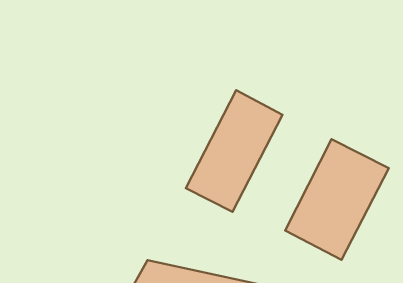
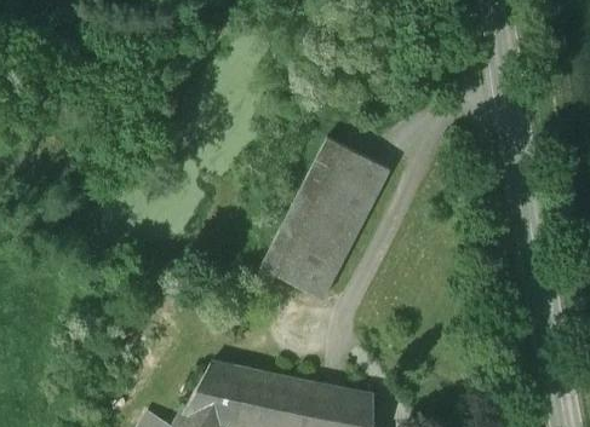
building: [285,139,389,260] -> none

